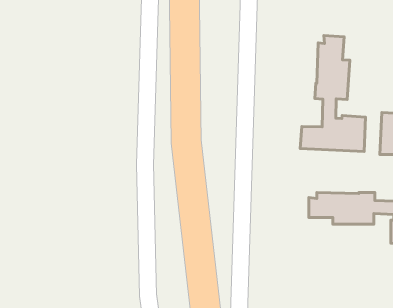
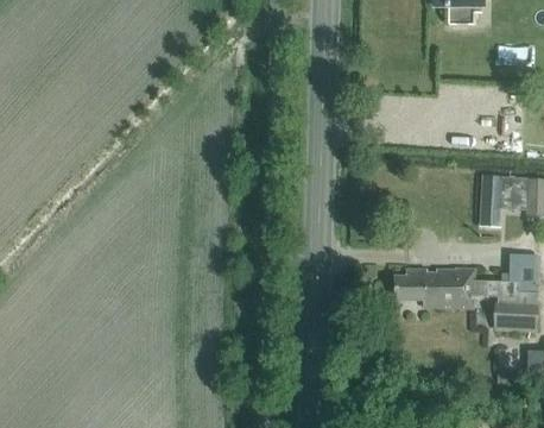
building: [300,36,365,152] -> none

